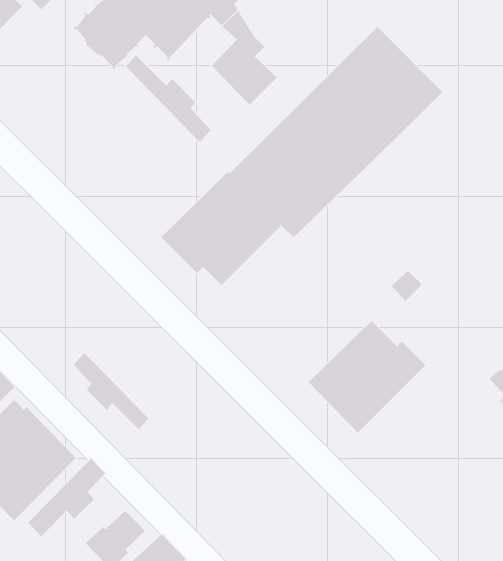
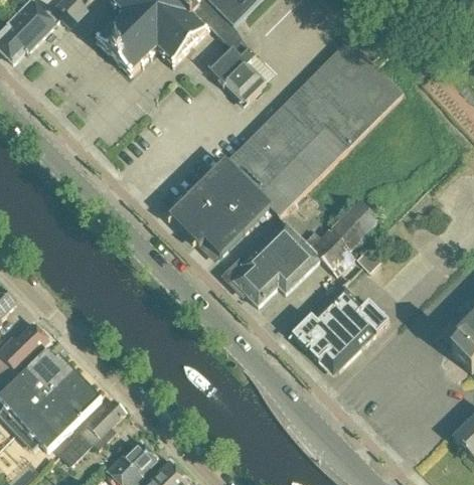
building: [125,54,212,143] -> none
building: none -> [232,201,376,305]
building: [73,352,149,430] -> none

